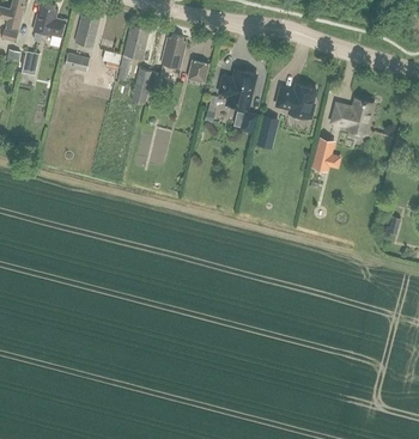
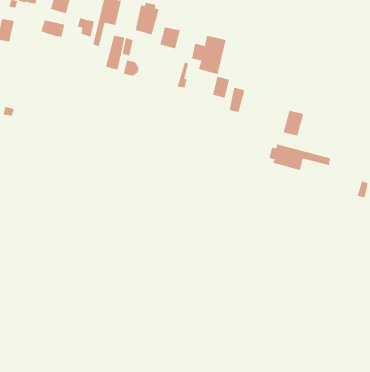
building: [275,84,315,118] -> none
building: [333,98,374,130] -> none
building: none -> [269,144,330,171]

